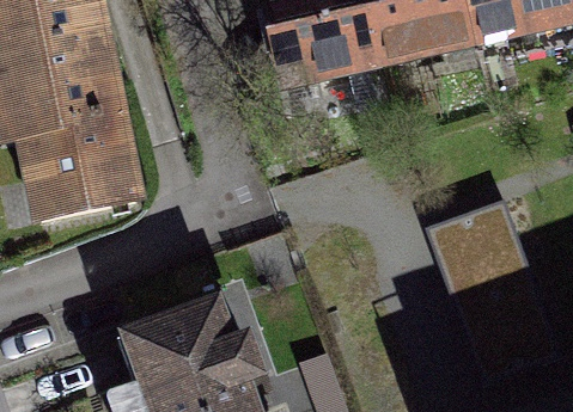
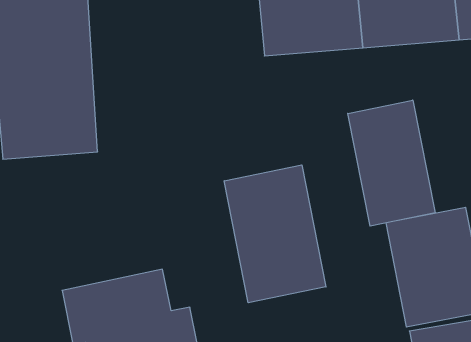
building: none -> [348,100,435,226]
building: none -> [224,165,326,303]

